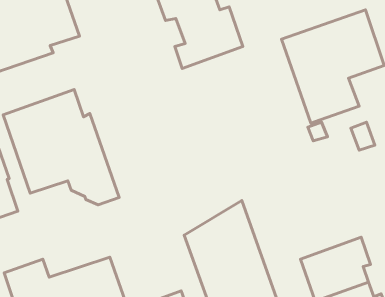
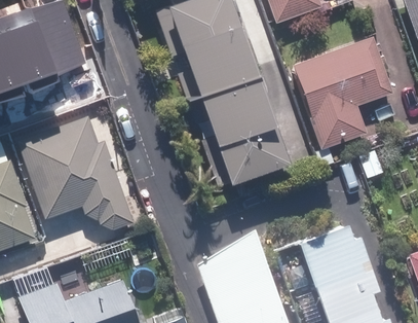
building: none -> [195,75,275,181]
building: none -> [296,222,371,284]

